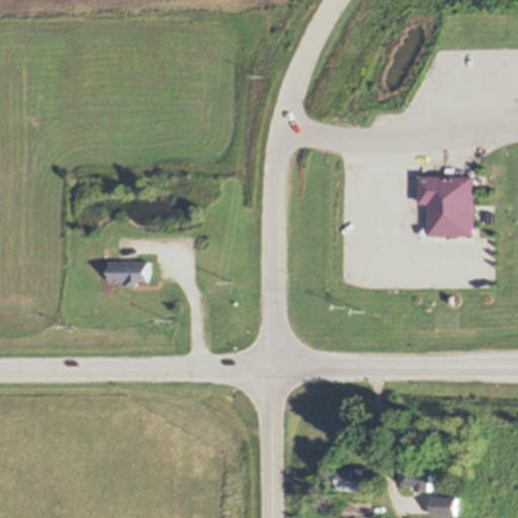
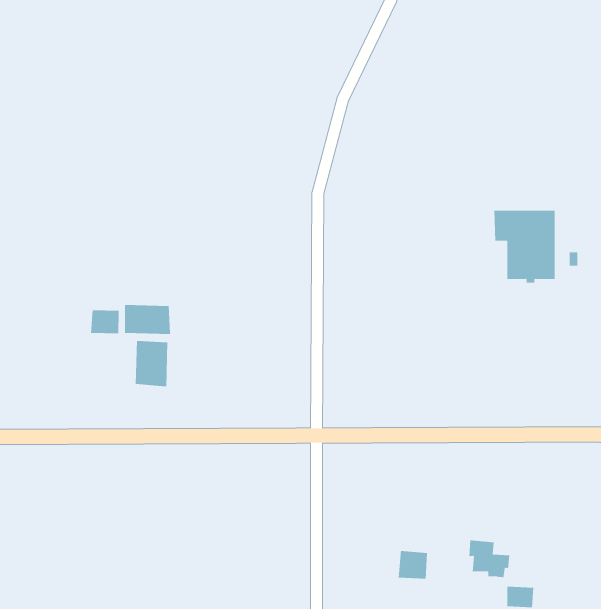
building: none -> [91,309,119,334]
building: none -> [135,340,168,387]

